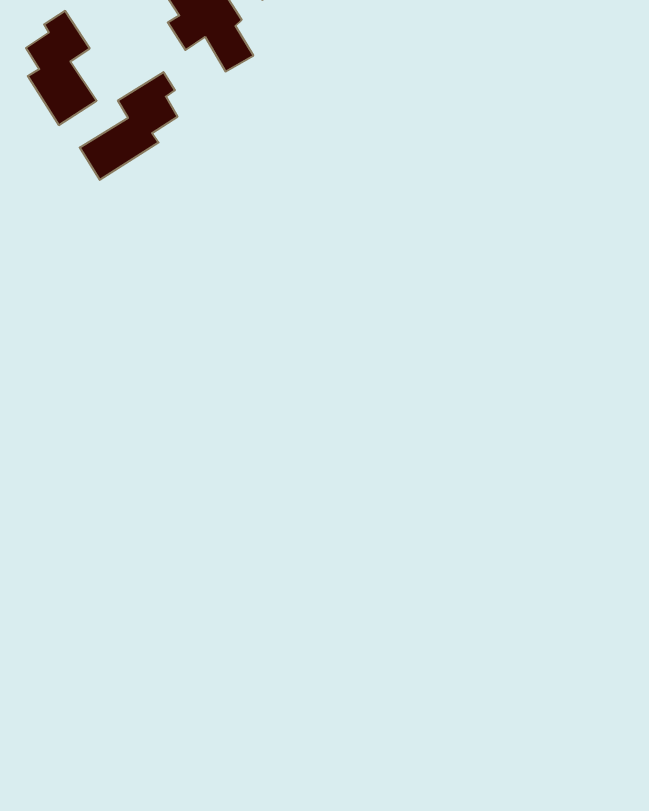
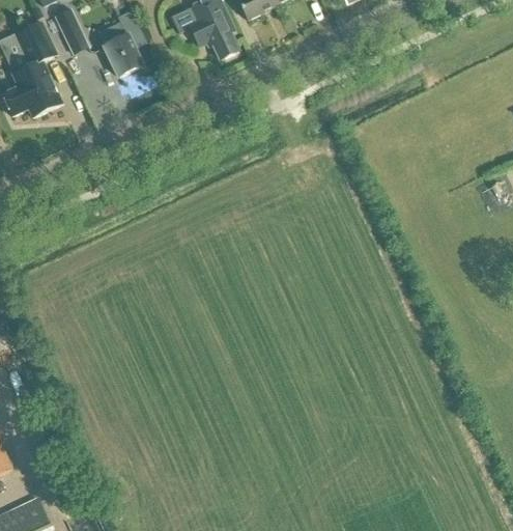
building: [80,72,177,180] -> none

